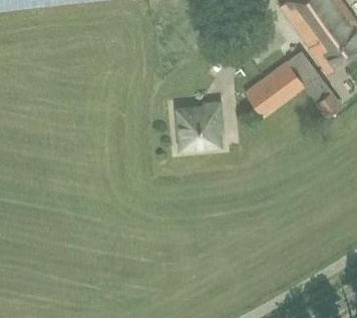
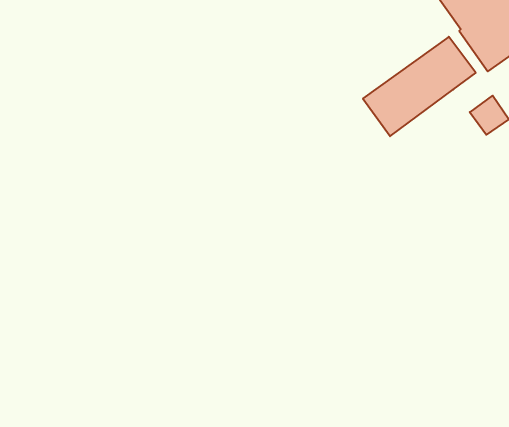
building: [177,103,222,150] -> none

